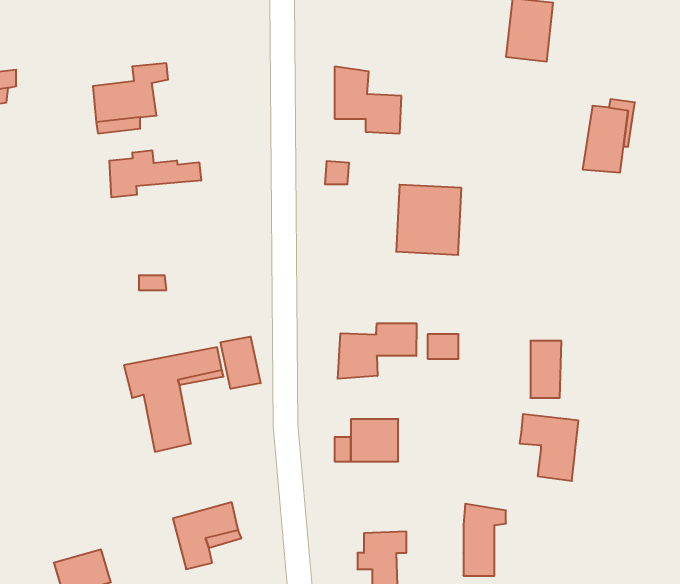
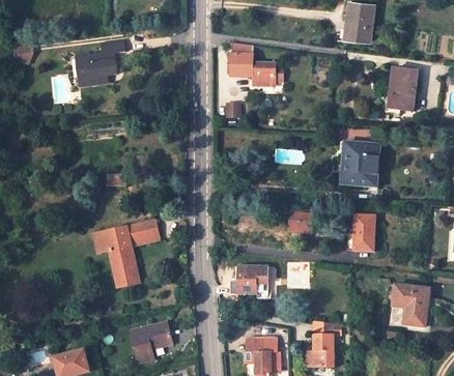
building: [109,150,201,197] -> none
building: [396,185,461,255] -> [338,141,379,185]
building: [338,323,416,379] -> none
building: [221,337,261,389] -> none
building: [520,414,578,481] -> [392,284,429,326]

